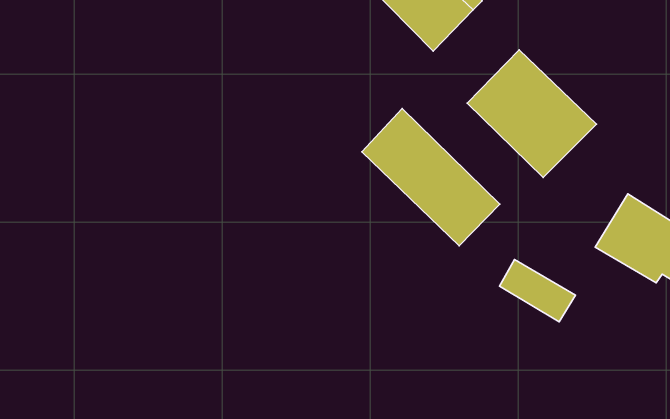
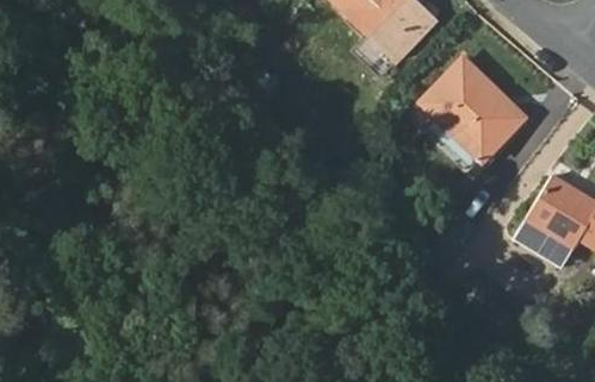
building: [362,109,500,246] -> none
building: [500,260,575,322] -> [513,217,574,267]

